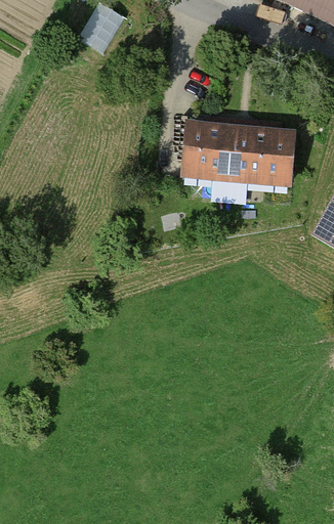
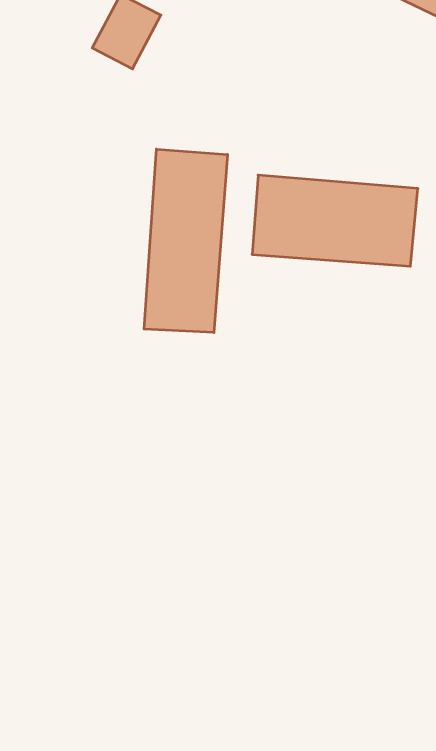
building: none -> [144,149,227,333]

